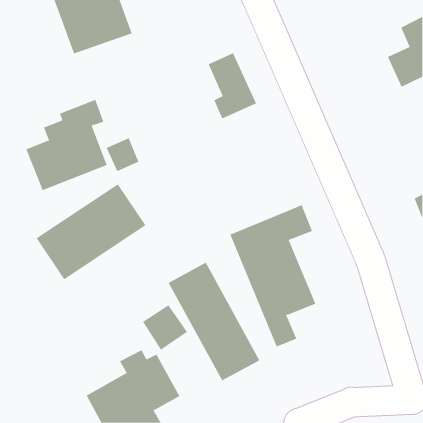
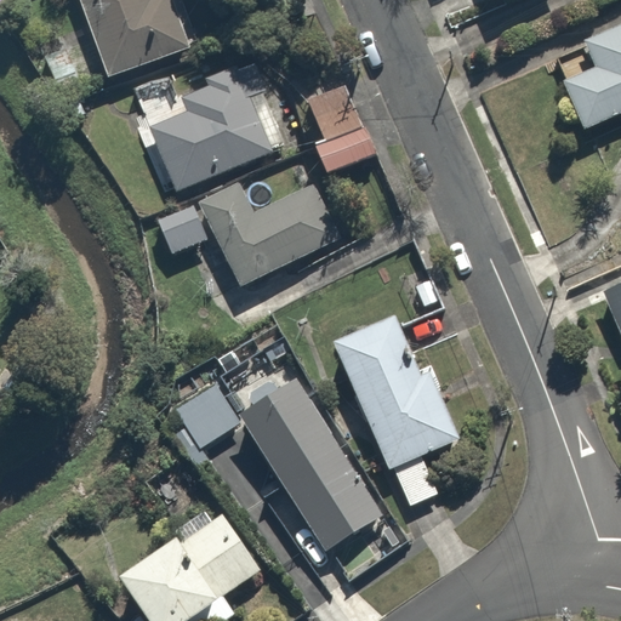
building: [26,99,107,191] -> [152,55,270,188]
building: none -> [199,166,338,286]
building: [36,183,146,280] -> none
building: [142,304,188,350] -> [172,381,239,448]

